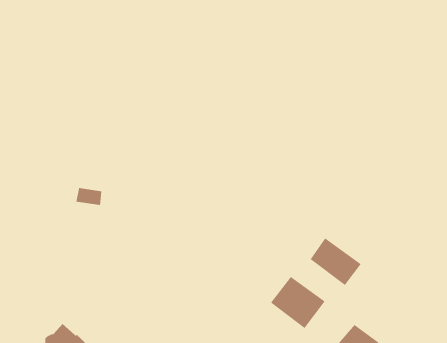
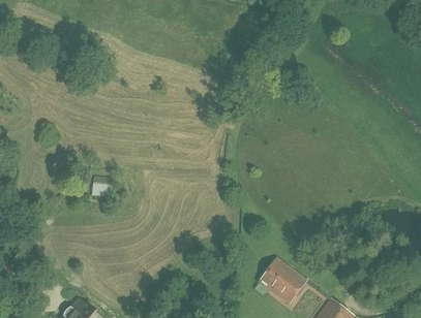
building: [310,237,361,286] -> none

